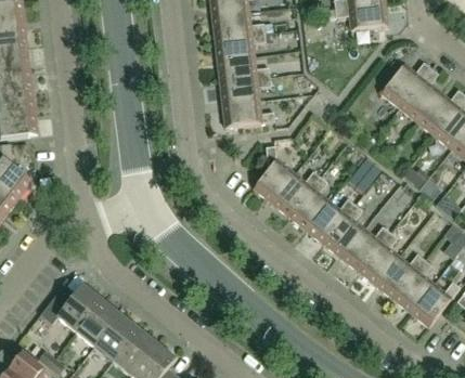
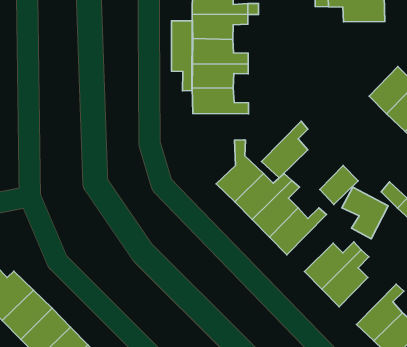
building: none -> [171,21,192,91]
building: [324,204,364,257] -> [262,121,308,178]
building: [376,253,425,299] -> none

